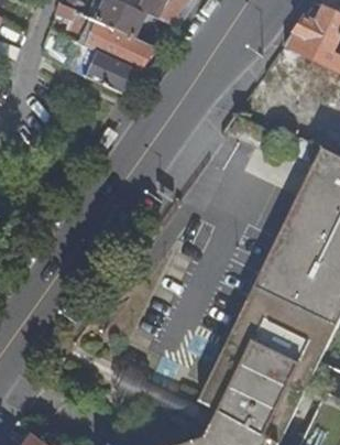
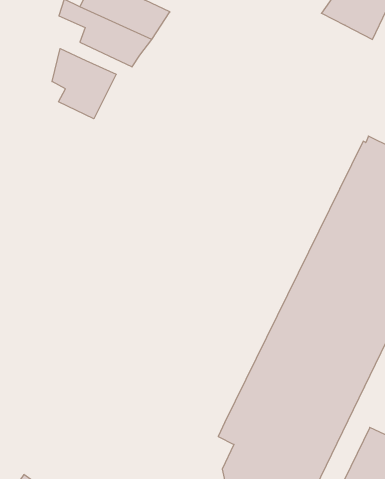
building: none -> [52,49,116,119]

